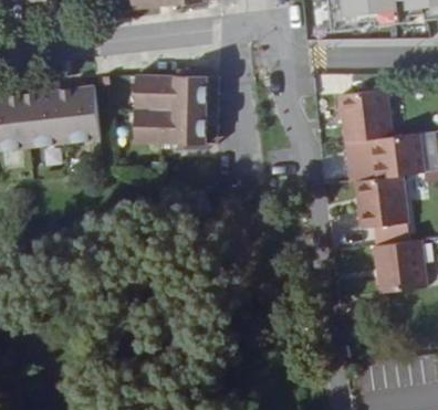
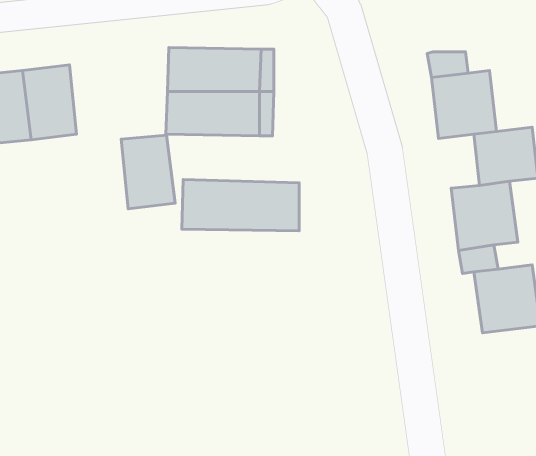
building: [58,85,100,143] -> [121,135,175,209]
building: none -> [182,179,299,231]

